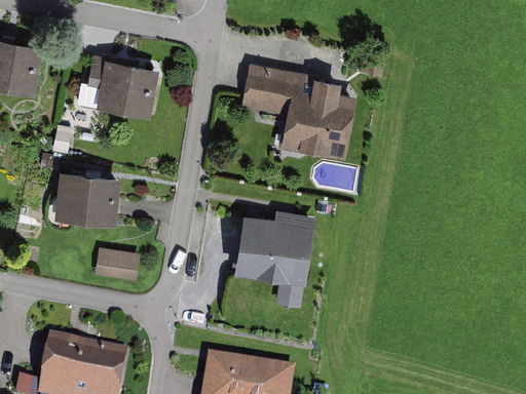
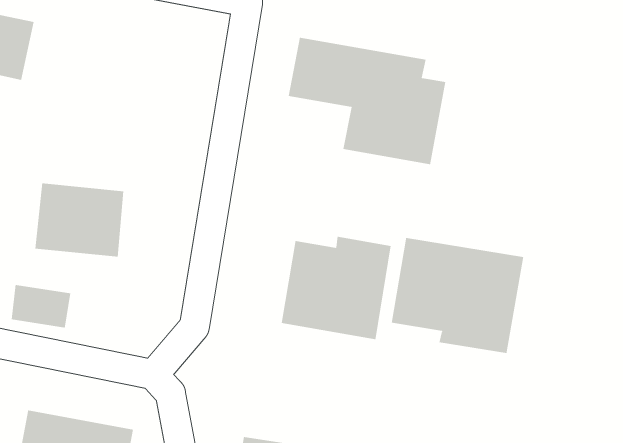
building: [95,58,158,117] -> none
building: none -> [391,237,524,354]
building: [95,248,139,280] -> [11,285,71,328]

